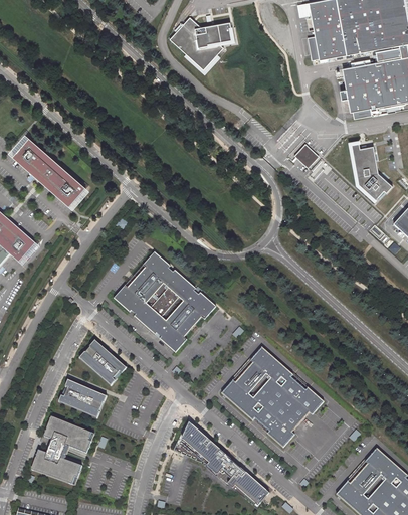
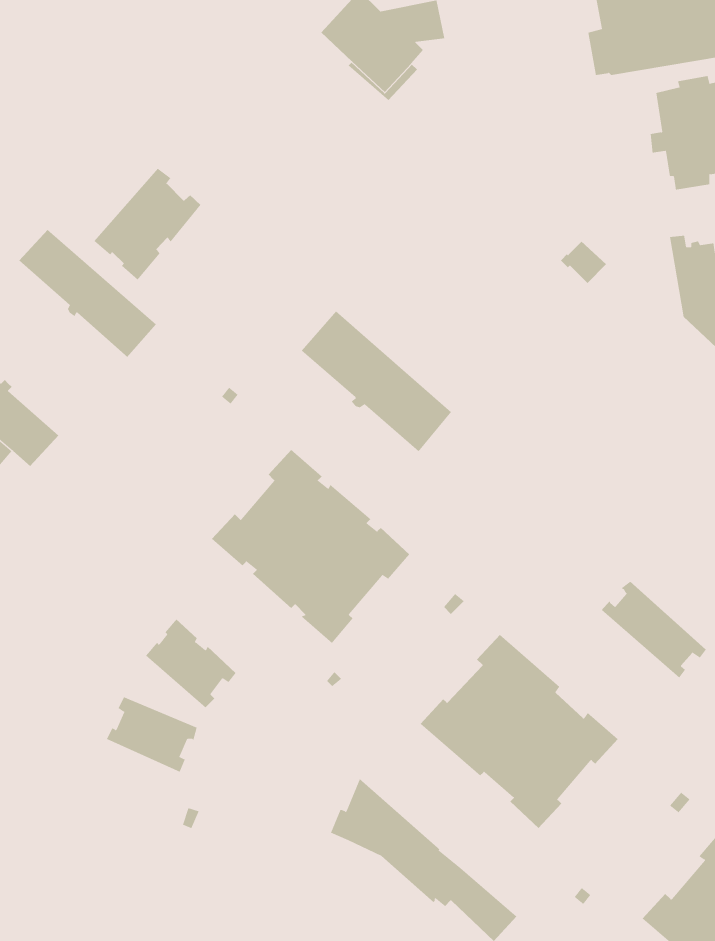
building: none -> [94,168,201,281]
building: none -> [301,310,452,452]
building: none -> [601,581,707,678]
building: [30,416,91,484] -> none

